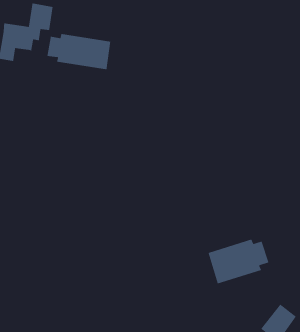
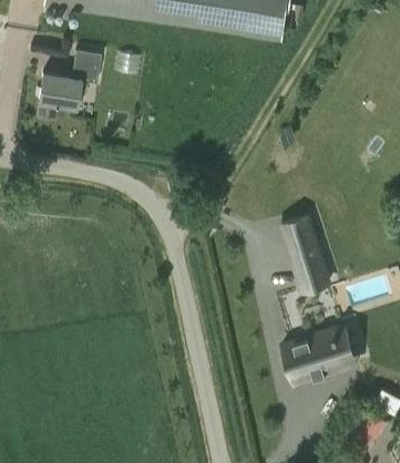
building: [47,33,111,70] -> none
building: none -> [284,215,330,290]

